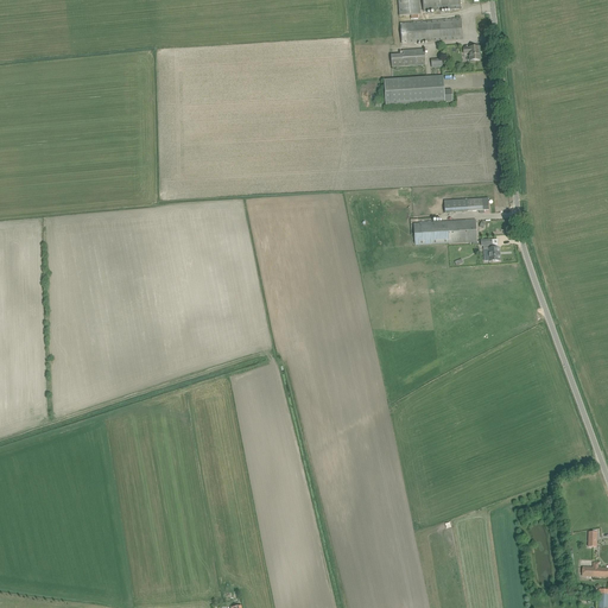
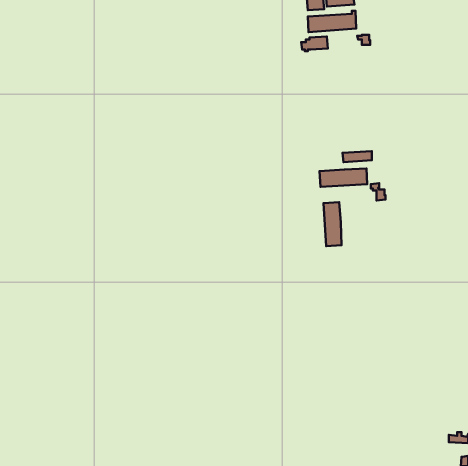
building: [384,74,452,104] -> none
building: none -> [323,202,342,246]

